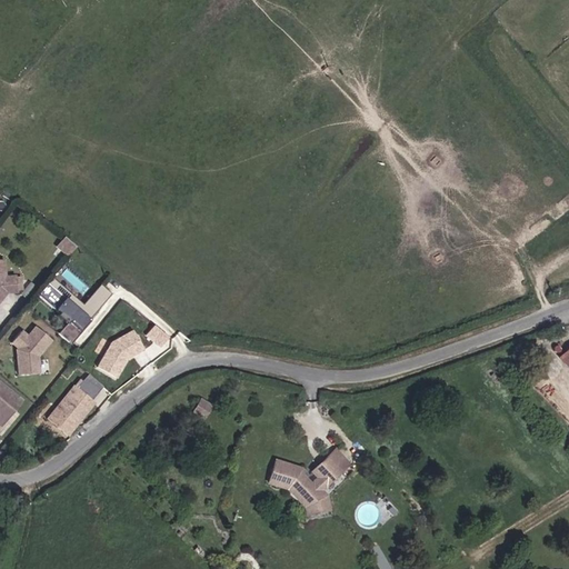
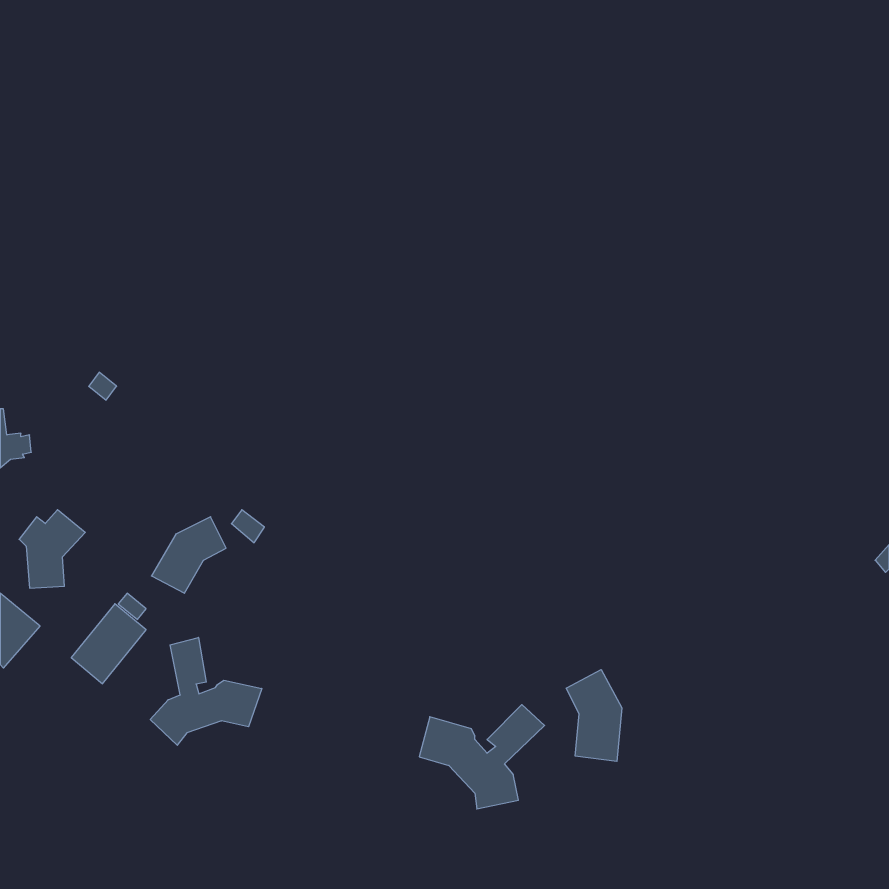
building: [50,280,112,343] -> none
building: none -> [150,637,262,745]
building: none -> [566,670,622,761]

